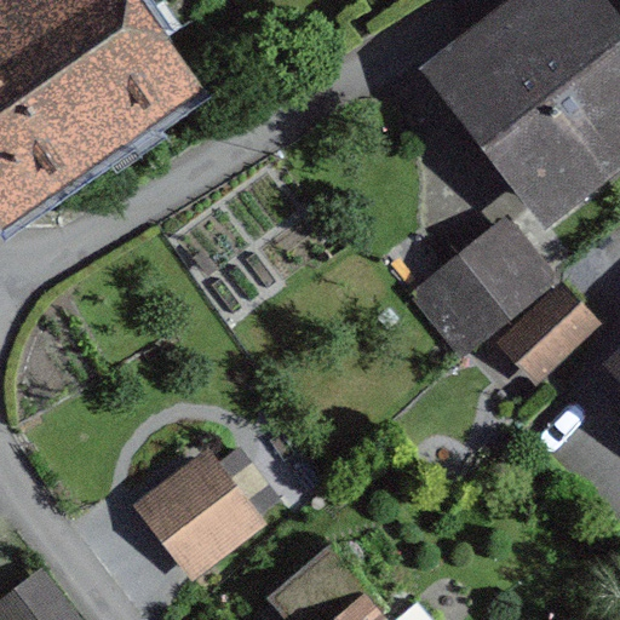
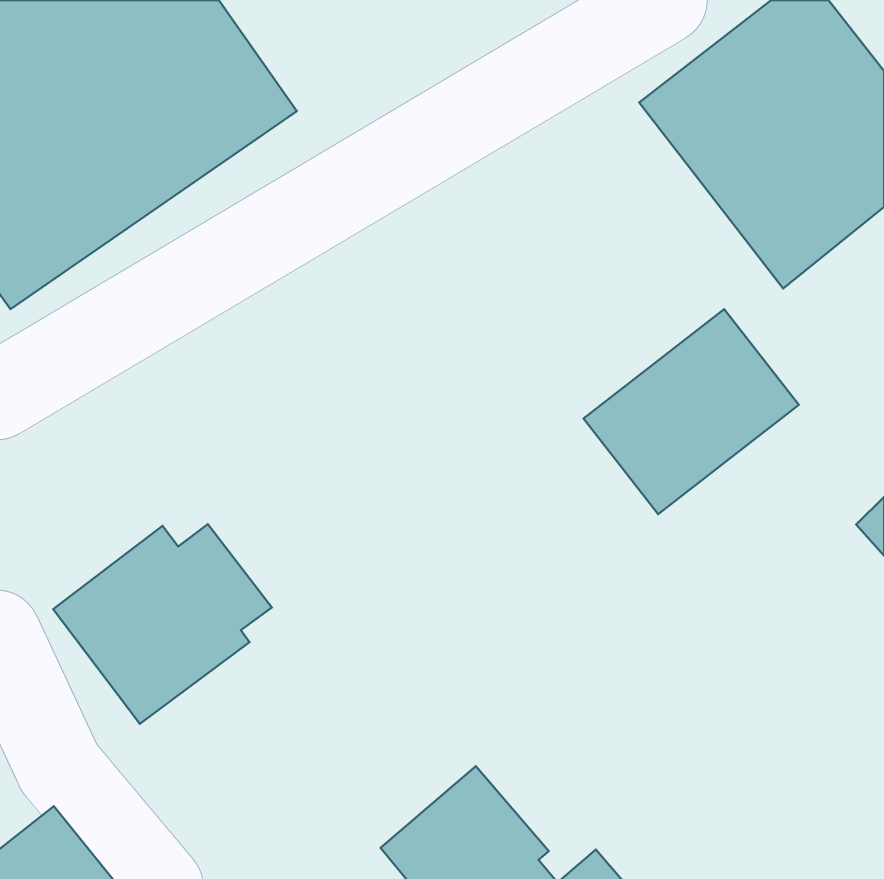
building: [493,288,598,390] -> none
building: [130,443,282,582] -> [53,524,272,724]

